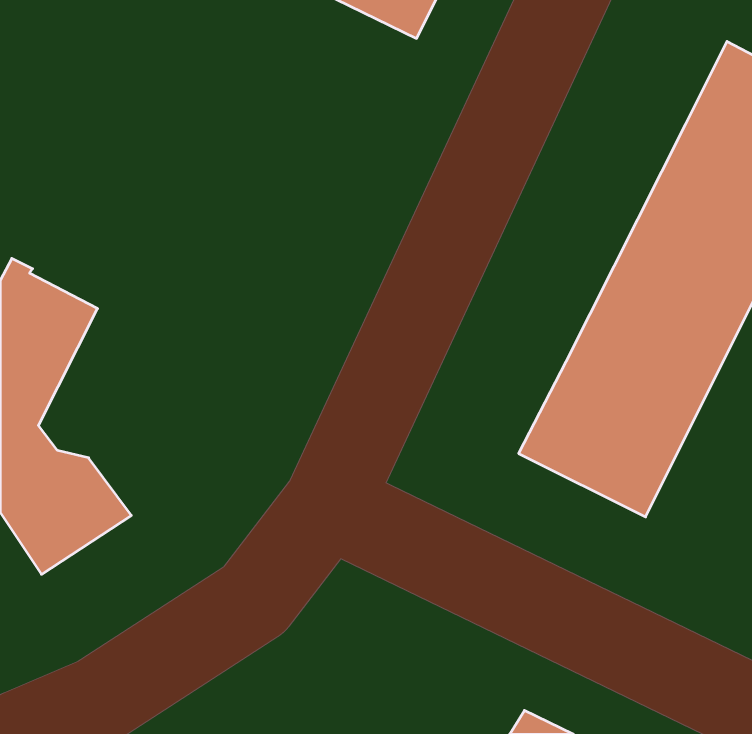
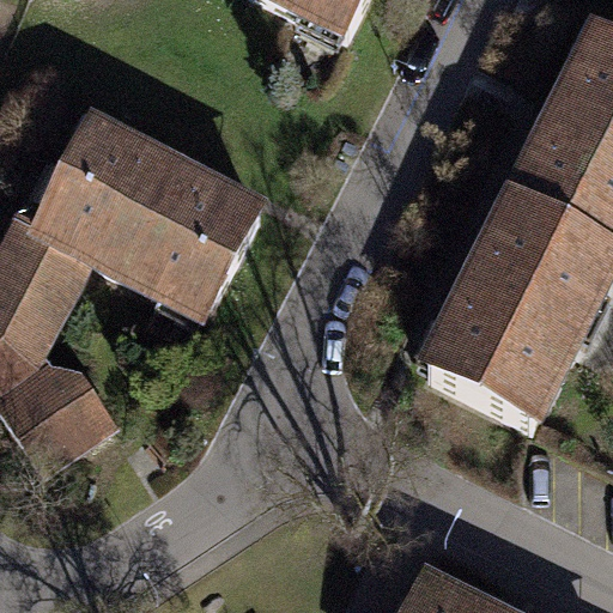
building: none -> [26,120,253,311]

